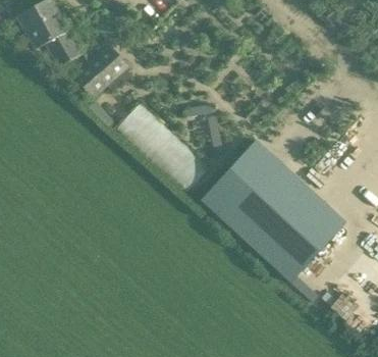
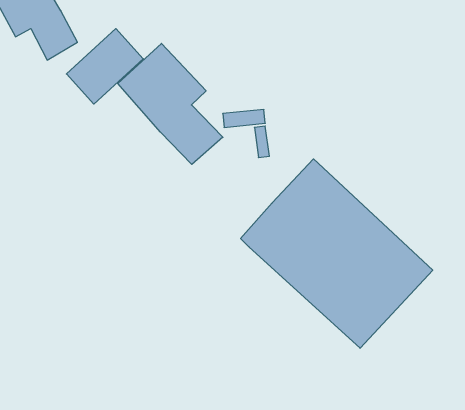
building: none -> [118,43,223,164]

